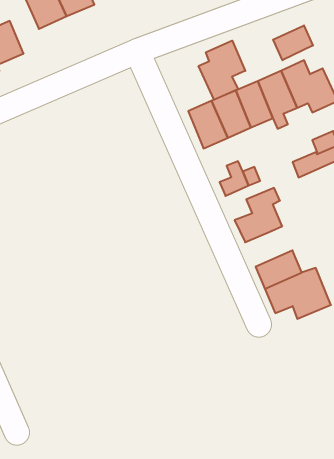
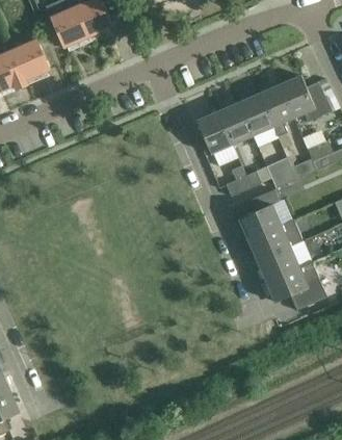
building: [273,25,313,60] -> none
building: [199,41,245,100] -> none
building: none -> [266,157,295,188]
building: none -> [247,218,301,260]

